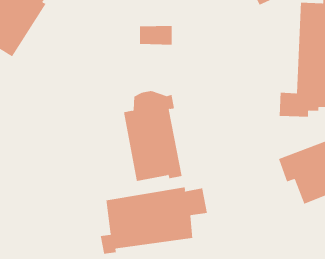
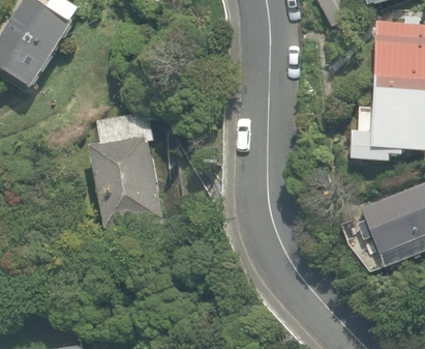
building: [123,91,182,181] -> [91,119,162,229]
building: [100,186,207,254] -> none

